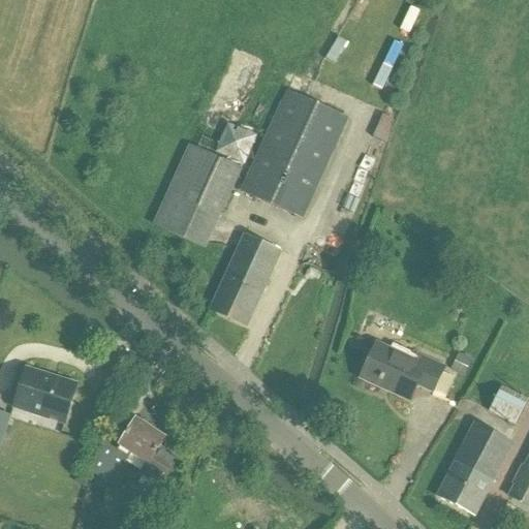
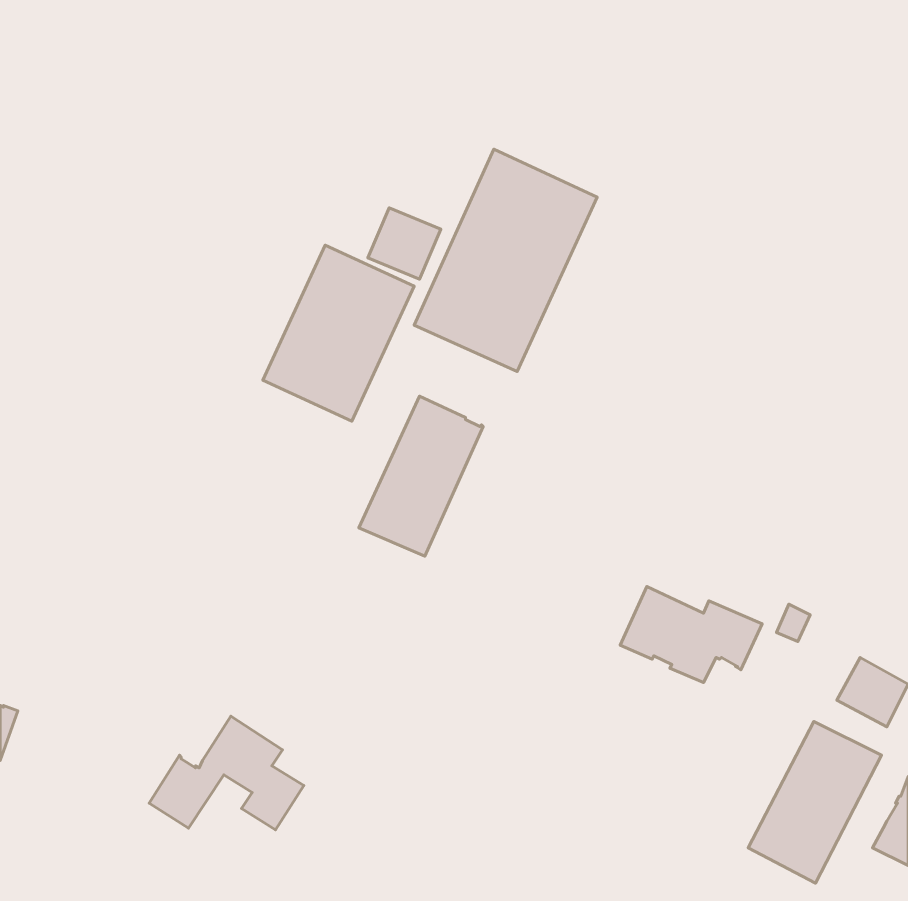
building: [13,366,75,419] -> none

